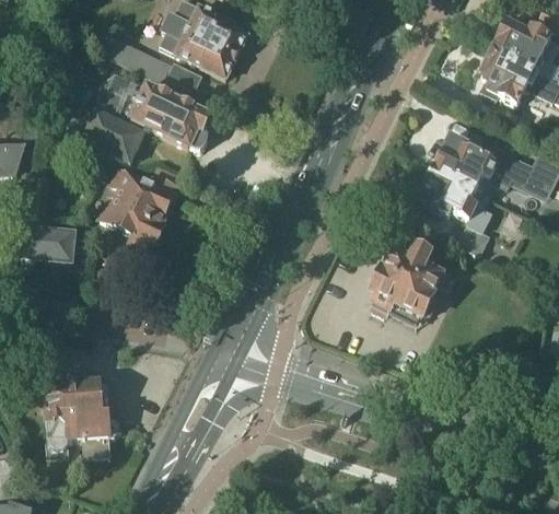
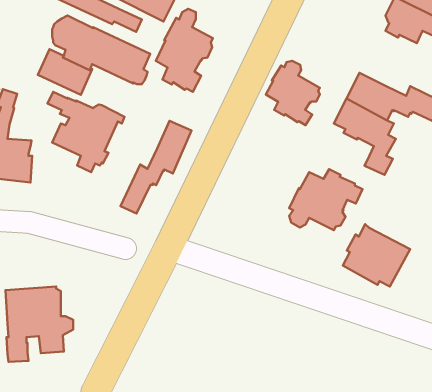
building: none -> [156,9,213,92]
building: none -> [266,61,320,125]
building: none -> [121,121,191,214]
building: none -> [343,224,410,287]

